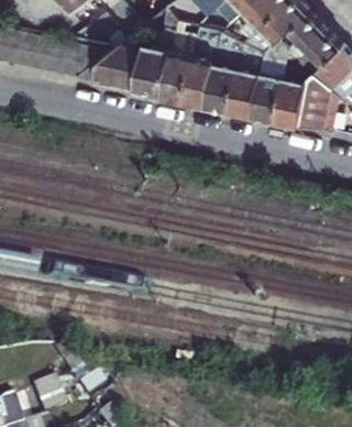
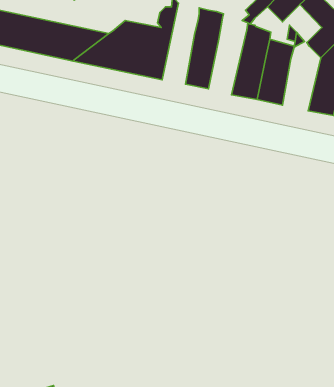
building: [161,34,195,101] -> none
building: [205,34,242,111] -> none
building: [275,65,311,127] -> none

